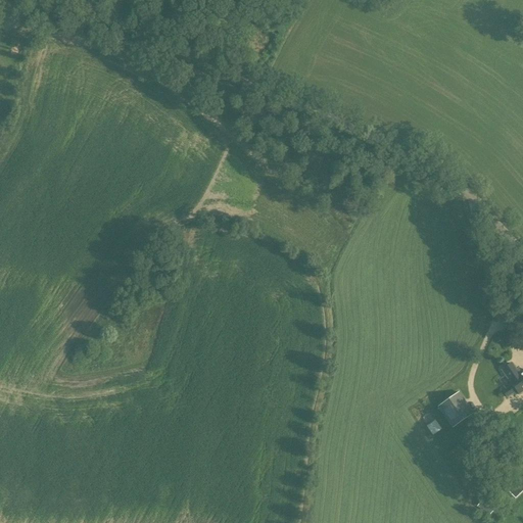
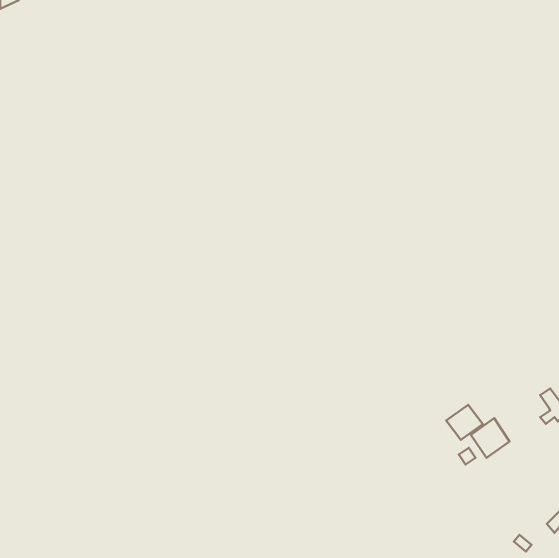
building: none -> [446,405,483,440]

